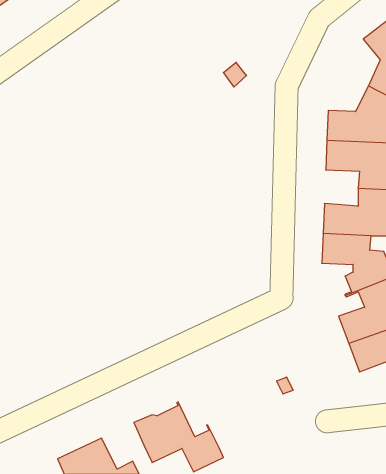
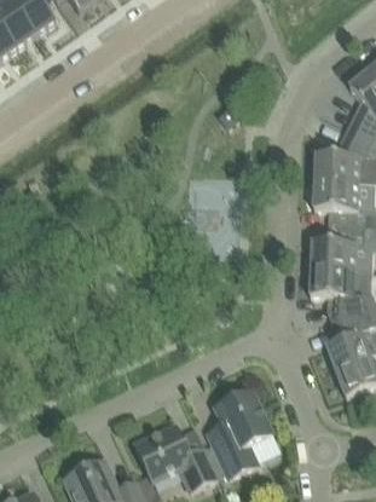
building: none -> [210,388,270,475]

